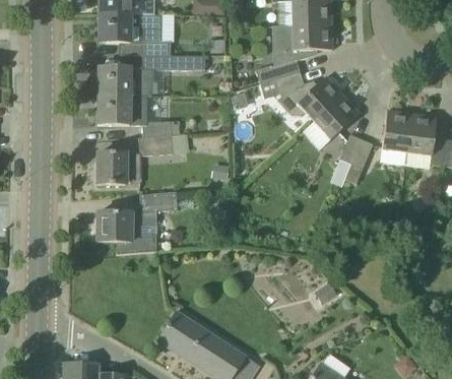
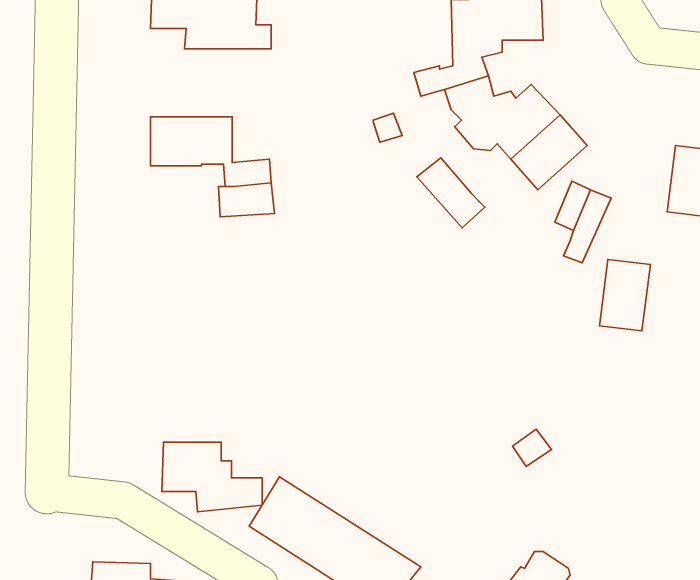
building: [98,55,192,96] -> none
building: [381,110,411,152] -> [599,260,650,331]
building: none -> [417,158,485,228]
building: [96,152,125,184] -> none
building: [139,192,177,212] -> none
building: [95,212,155,254] -> [162,442,262,512]

